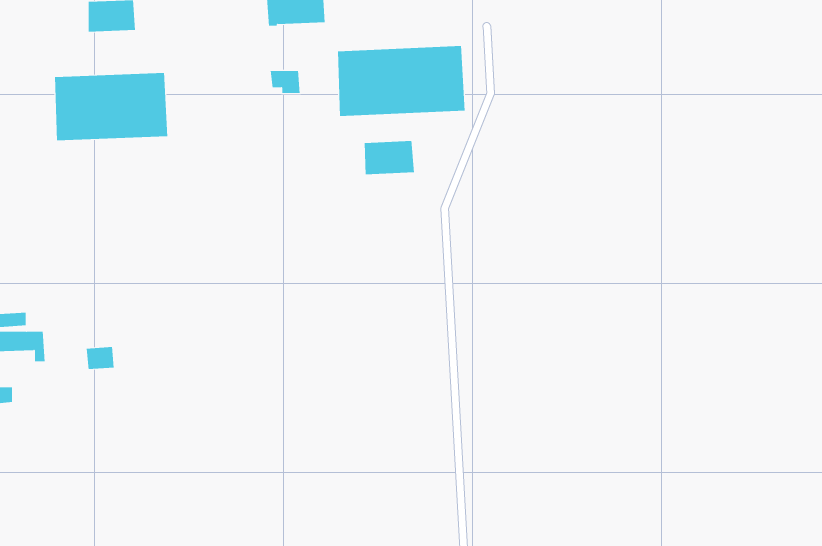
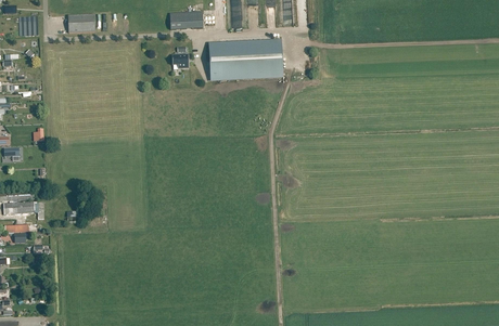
building: [55,72,168,141] -> none
building: [364,140,415,175] -> none

